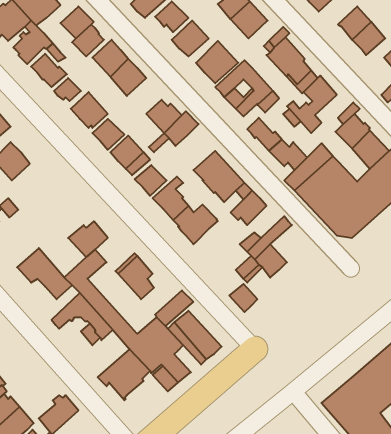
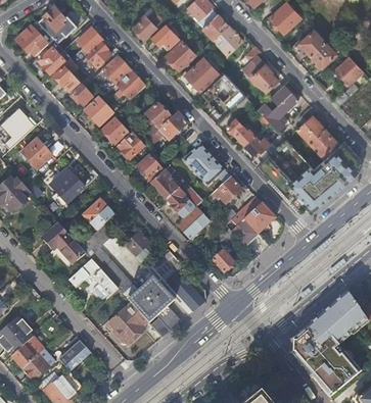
building: none -> [50,167,85,202]
building: none -> [244,203,275,233]
building: none -> [176,206,208,239]

